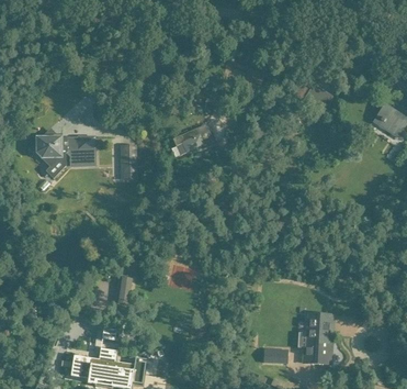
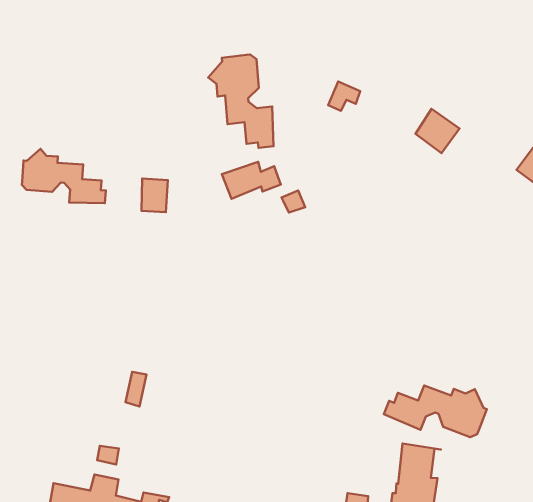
building: none -> [208,55,274,148]
building: none -> [384,385,487,437]

